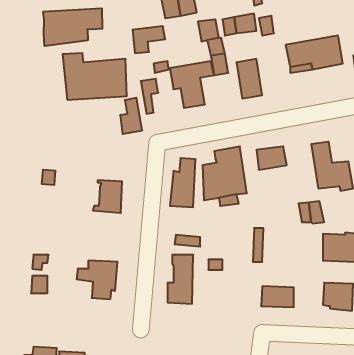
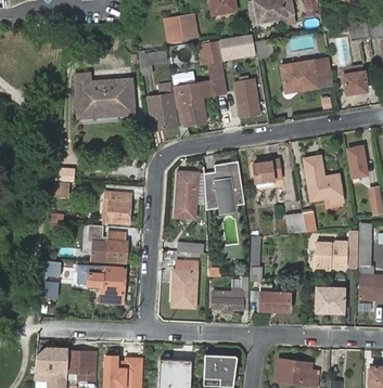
building: [43,8,102,46] -> none
building: [120,98,142,134] -> [156,95,177,129]
building: none -> [91,231,127,261]
building: none -> [213,280,248,309]

